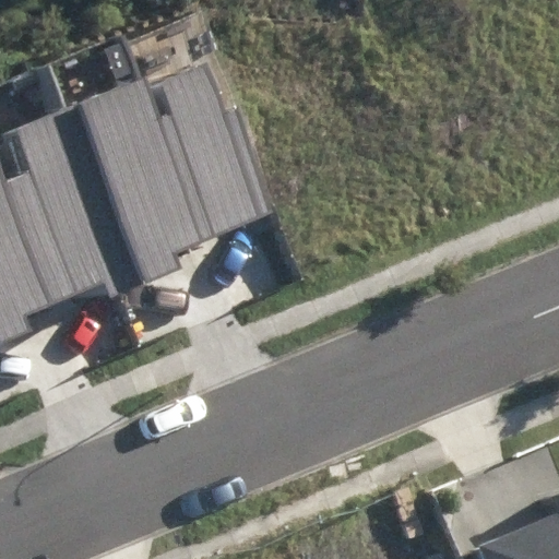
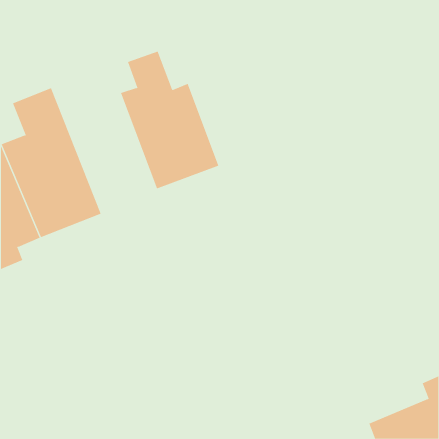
building: [66,83,199,286] -> none

